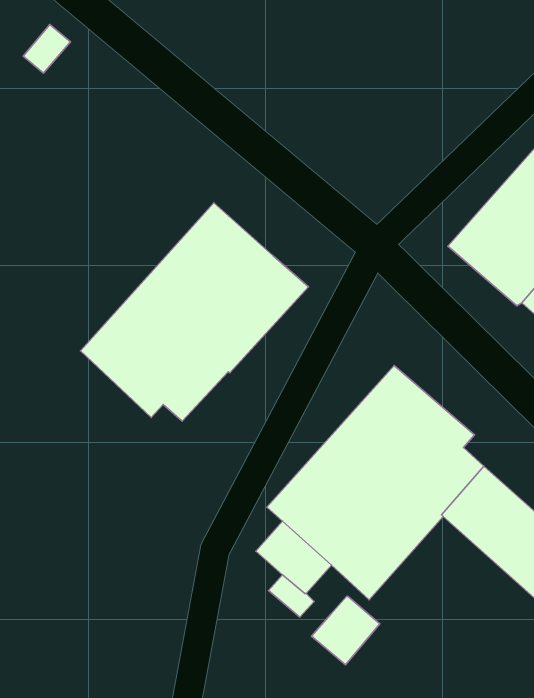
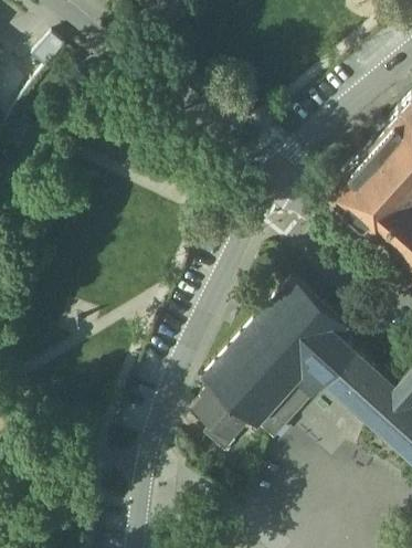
building: [81,203,308,421] -> none
building: [312,597,380,665] -> none

